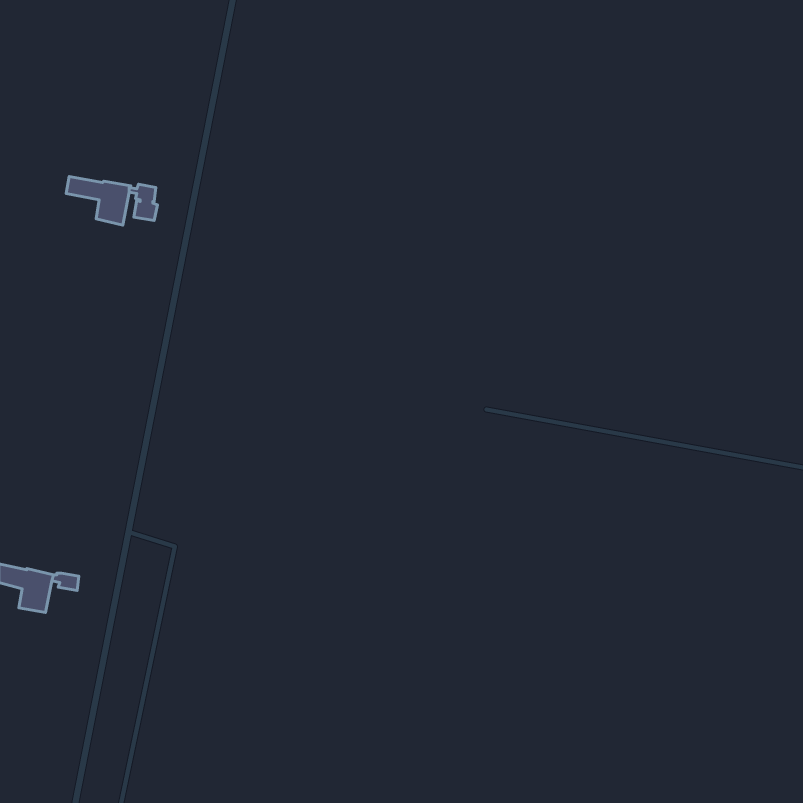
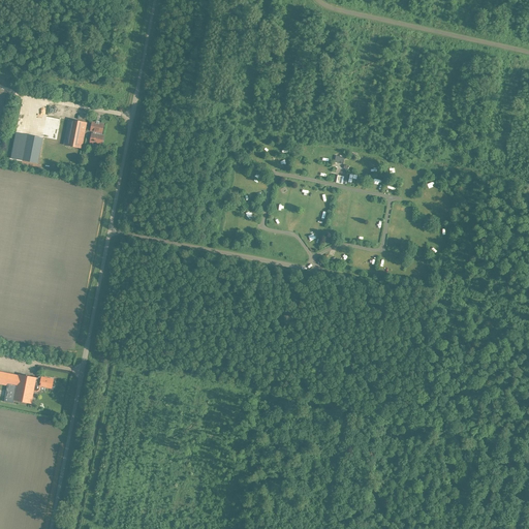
building: none -> [21,134,41,163]

